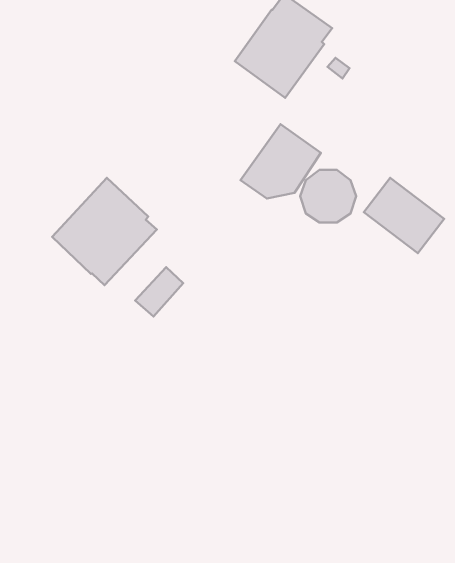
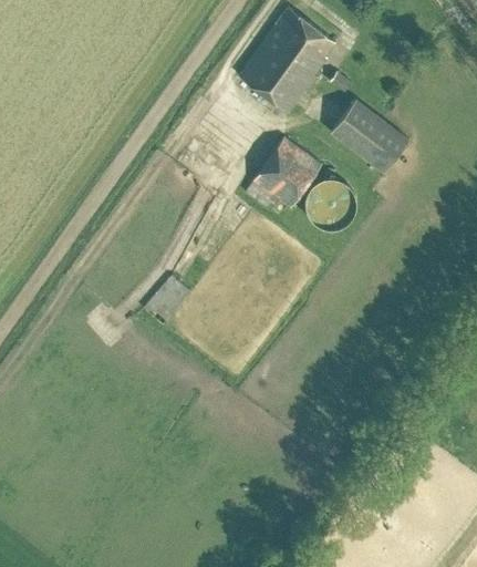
building: [364,178,444,253] -> [331,100,408,173]
building: [52,178,157,285] -> none

